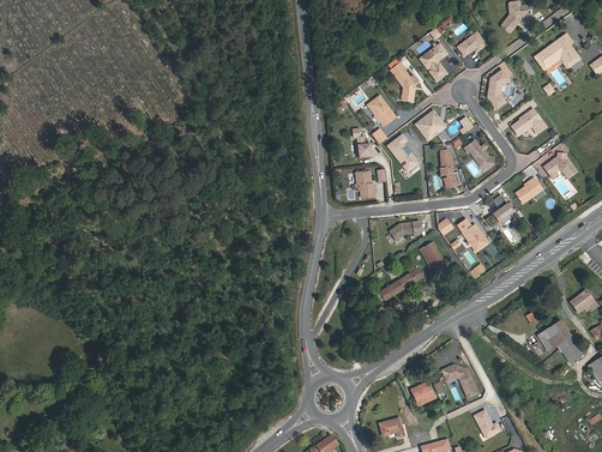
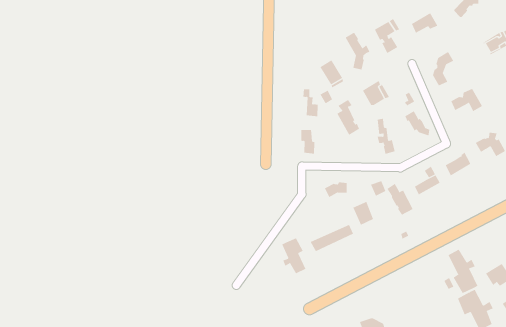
building: none -> [448,249,478,294]
building: none -> [282,237,306,274]

